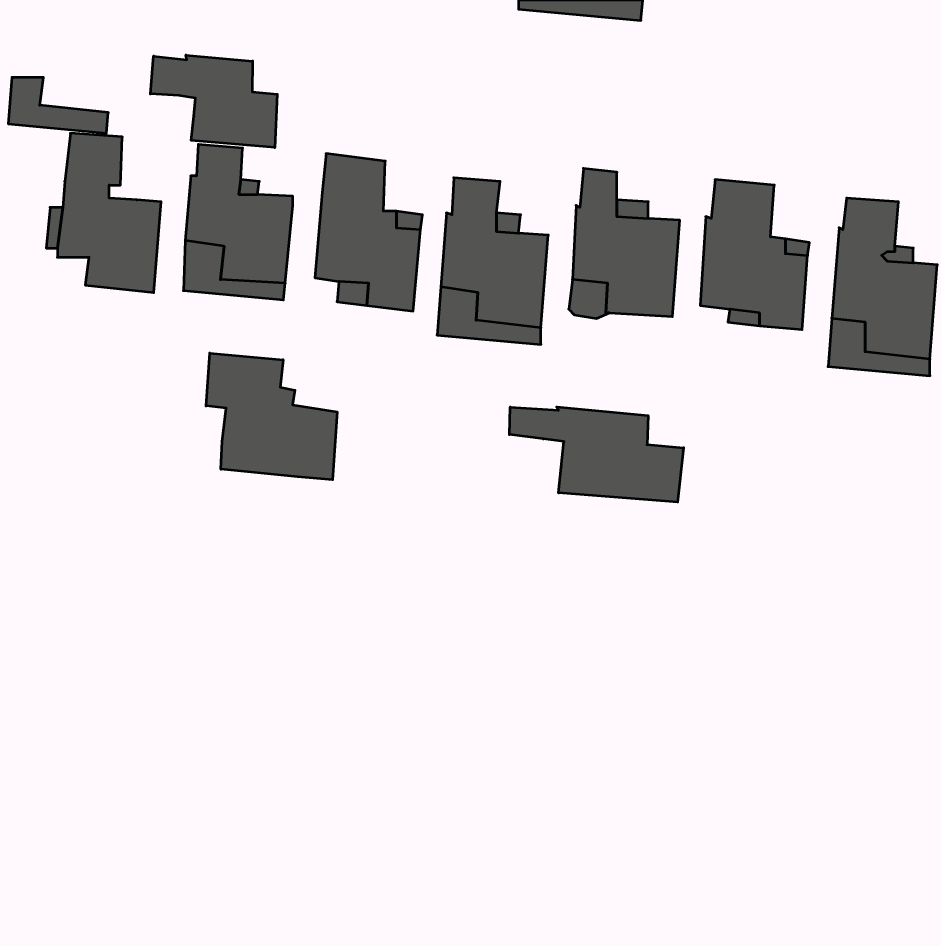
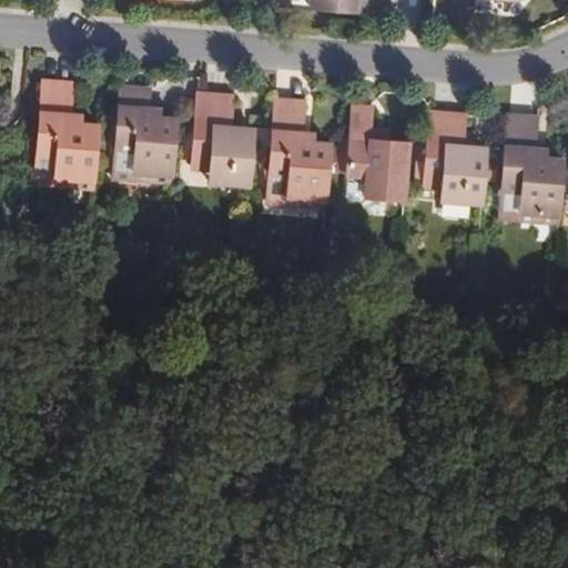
building: [150,55,277,148] -> none
building: [8,77,108,133] -> [36,154,95,187]
building: [206,353,337,480] -> none
building: [509,407,684,502] -> none

